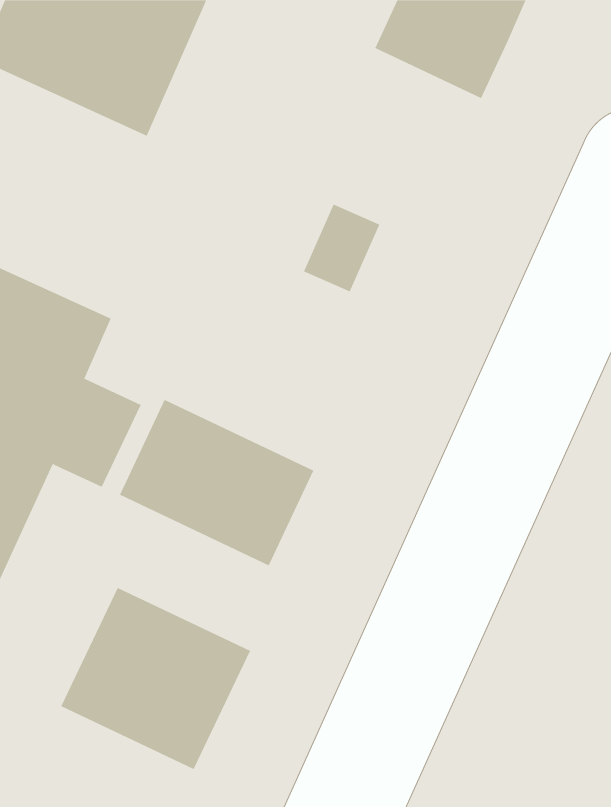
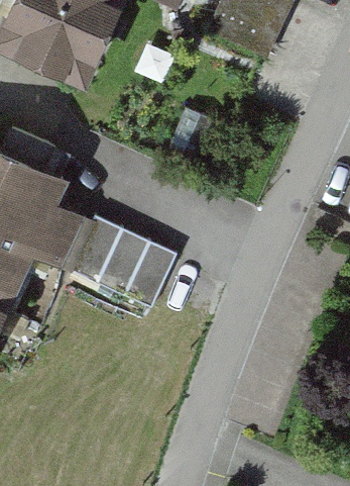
building: [60,587,251,770] -> none

